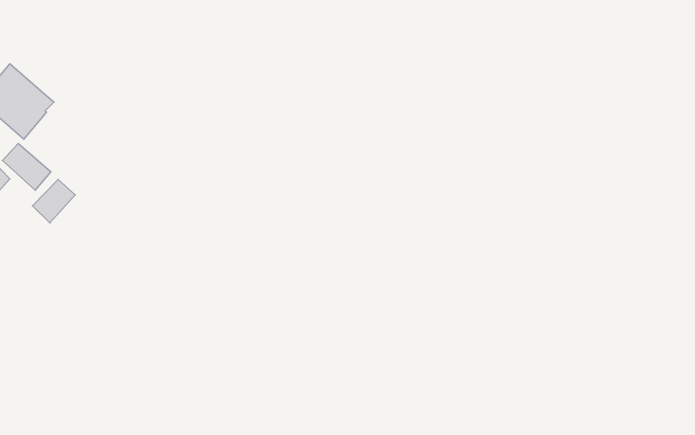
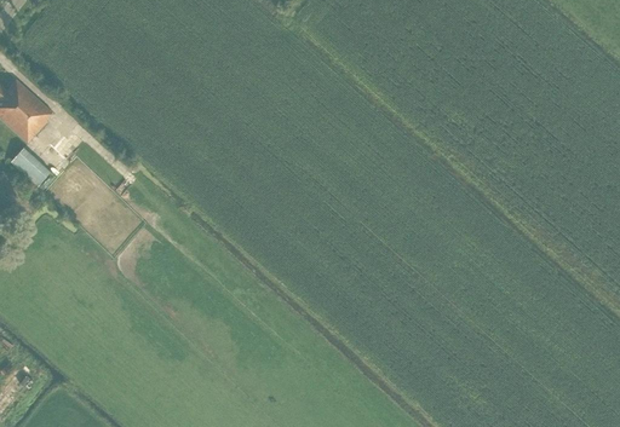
building: [33,179,75,223] -> none

